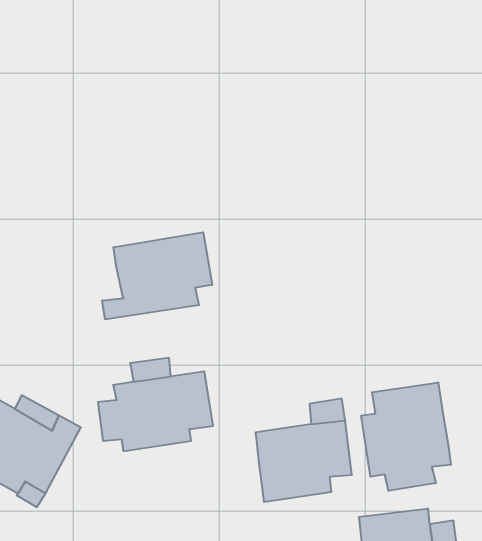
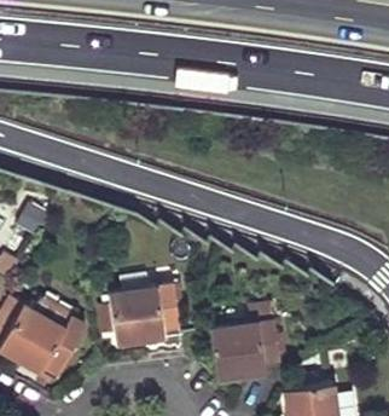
building: [102,232,212,319] -> none
building: [361,382,451,491] -> none

